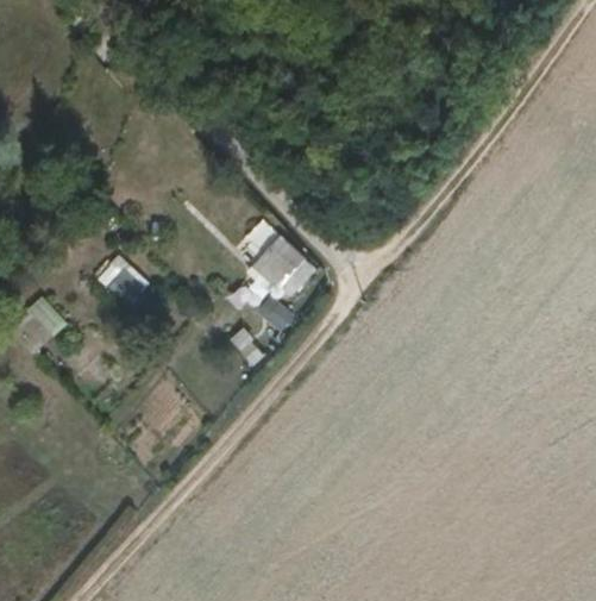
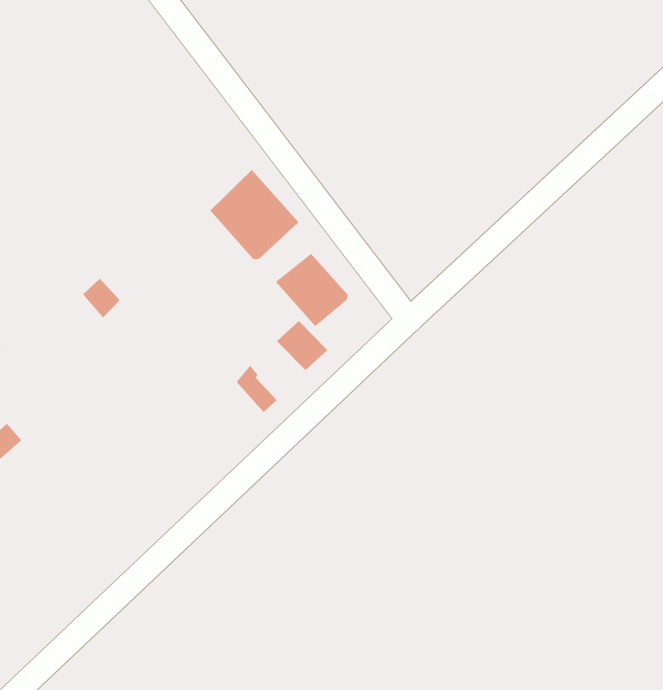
building: none -> [210,169,299,260]

